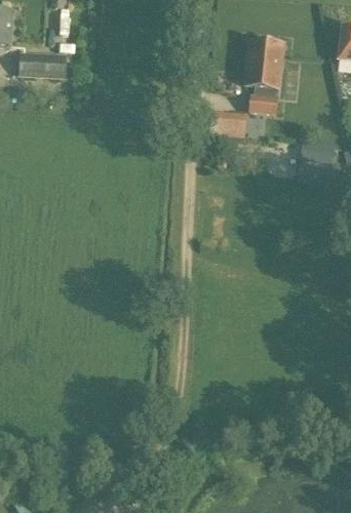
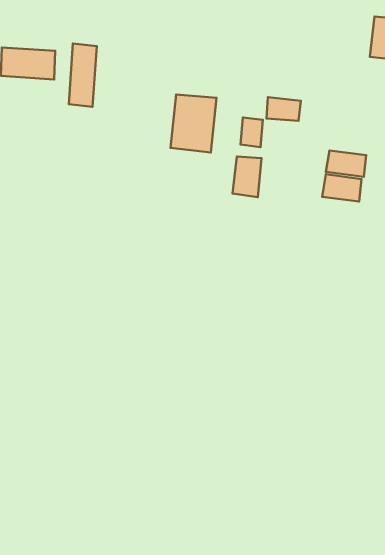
building: [243,38,283,88] -> [170,94,217,153]
building: none -> [69,44,97,107]
building: none -> [232,156,261,197]

